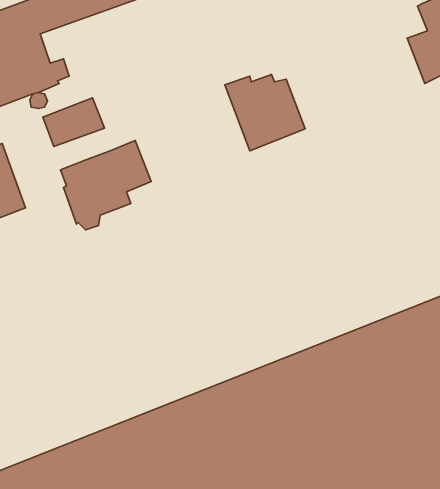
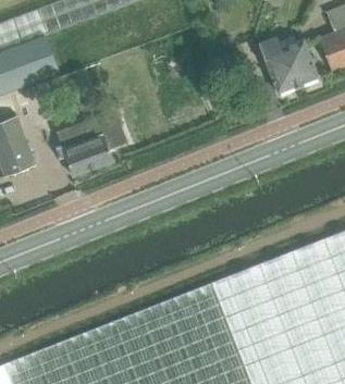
building: [225,75,305,151] -> [259,36,319,92]
building: [43,98,104,147] -> none

